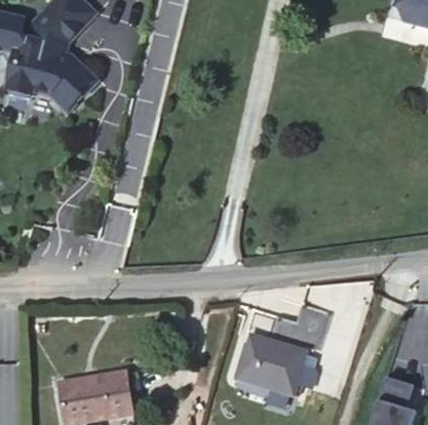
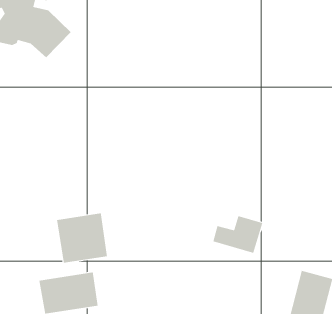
building: none -> [57,213,108,263]
building: [238,336,307,396] -> none

